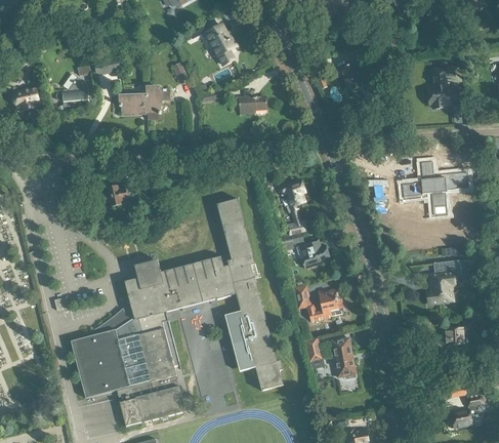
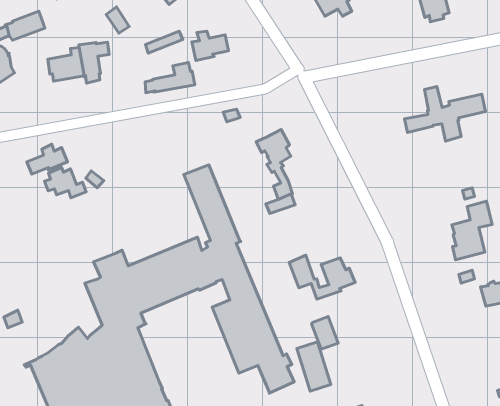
building: none -> [145,63,195,93]
building: none -> [27,144,68,174]
building: [295,240,329,267] -> none
building: [331,337,355,376] -> [297,342,331,391]

